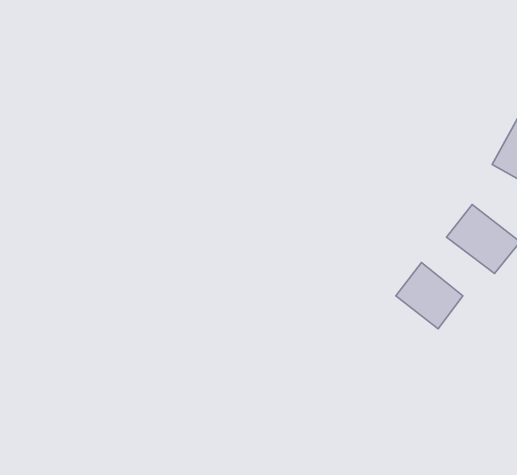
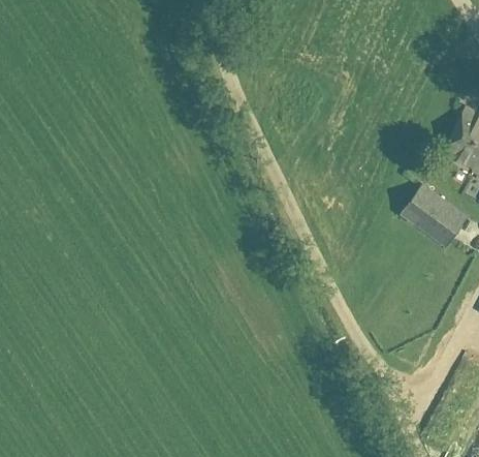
building: [396,262,463,329] -> none

